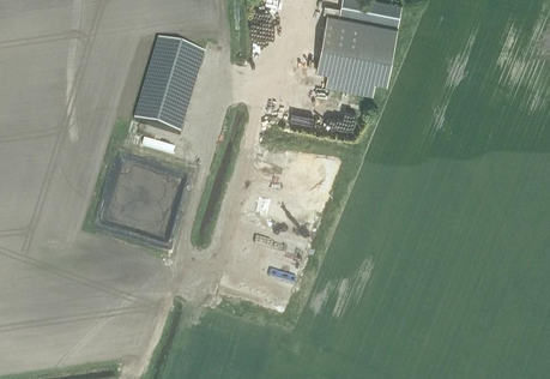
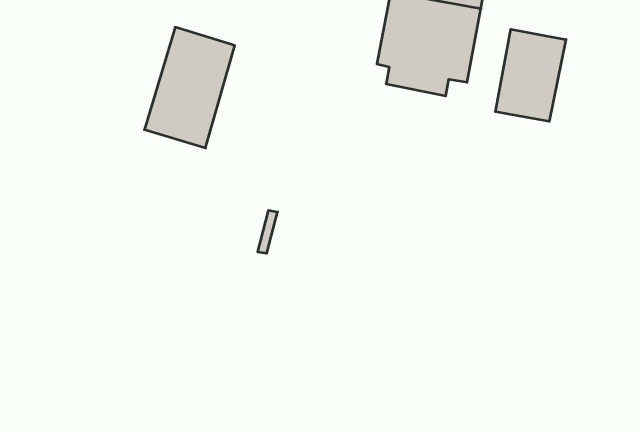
building: none -> [495,29,566,121]

